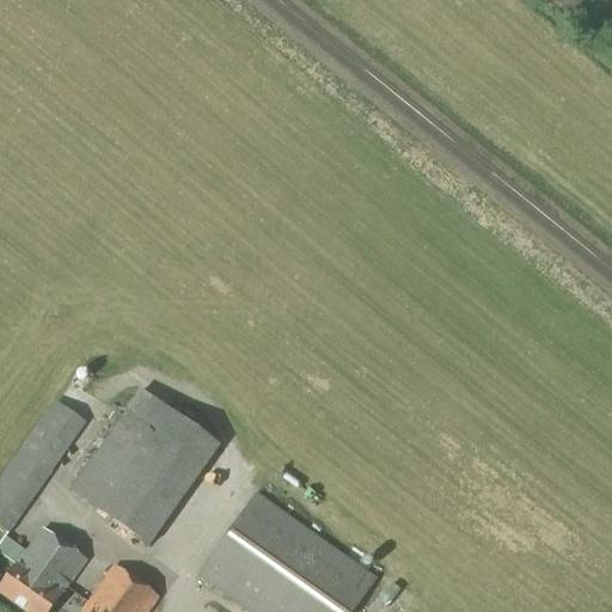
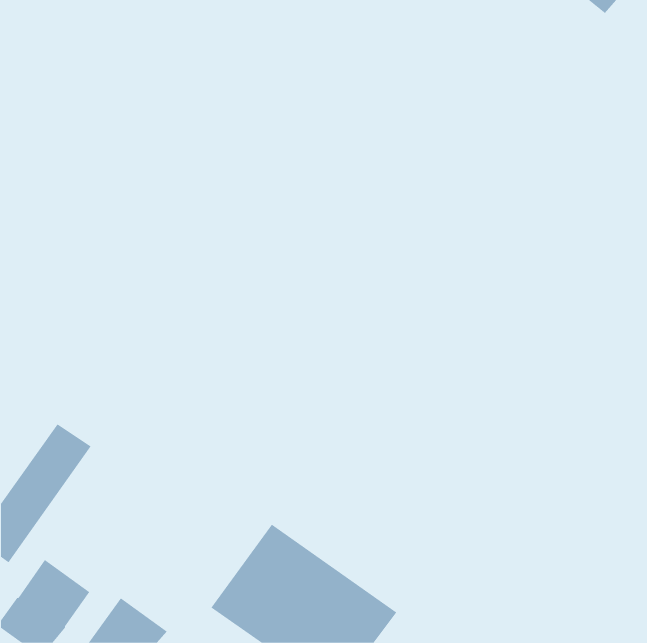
building: [71,390,219,544] -> none

